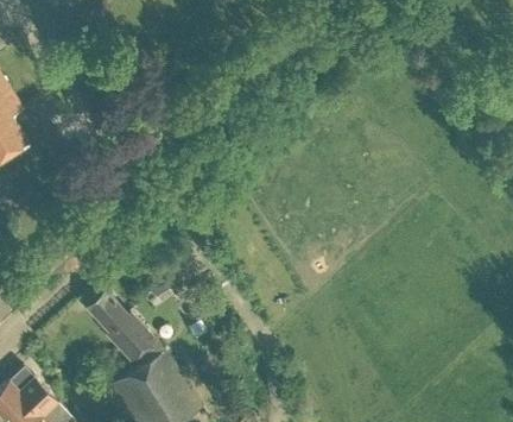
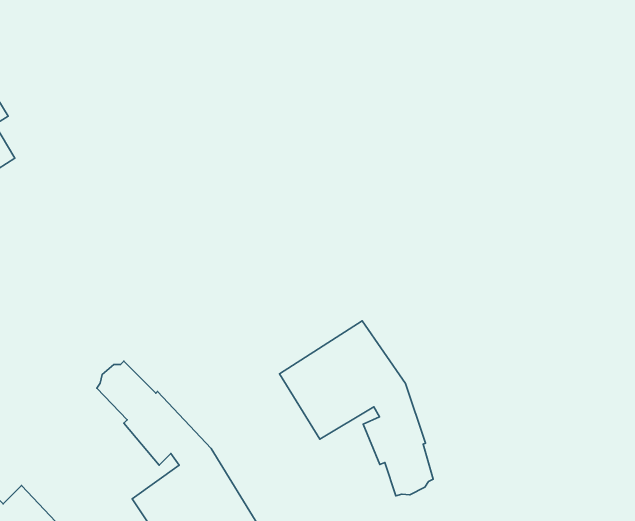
building: none -> [280,321,433,496]

